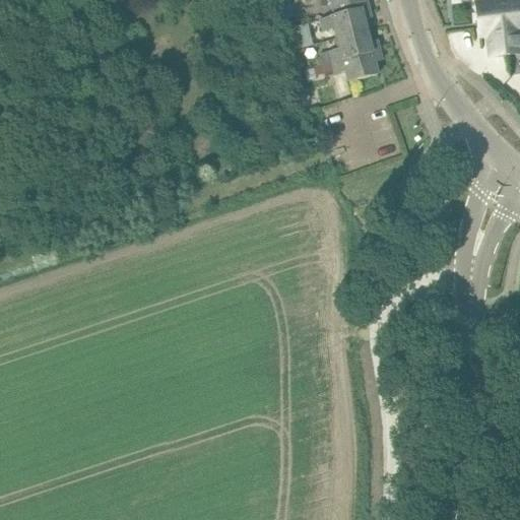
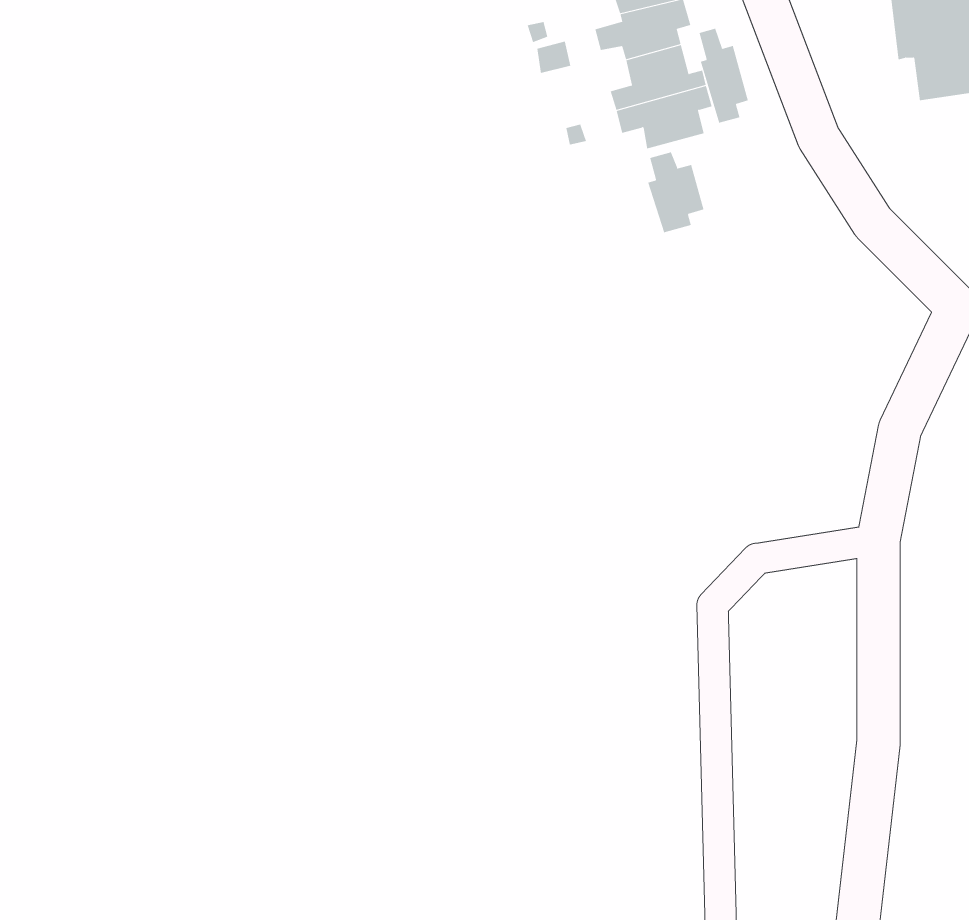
building: none -> [699,28,748,123]
building: none -> [648,152,704,233]

